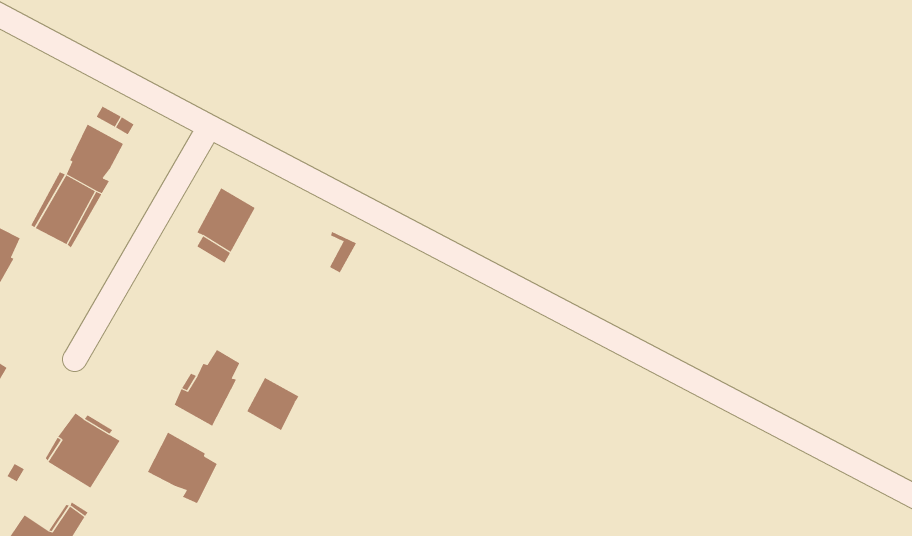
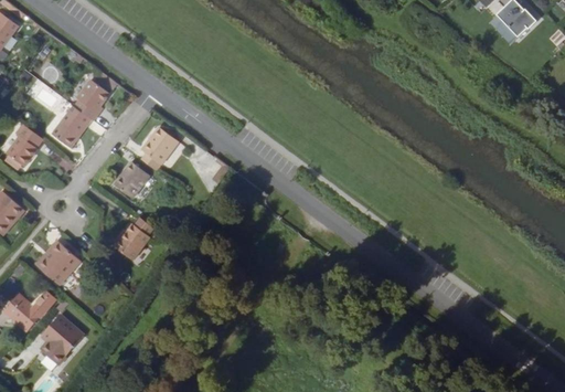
building: none -> [116,162,150,198]
building: [247,377,299,431] -> none
building: [147,432,217,504] -> none

